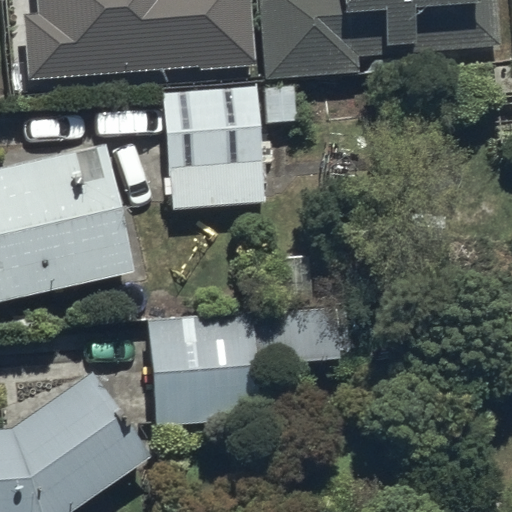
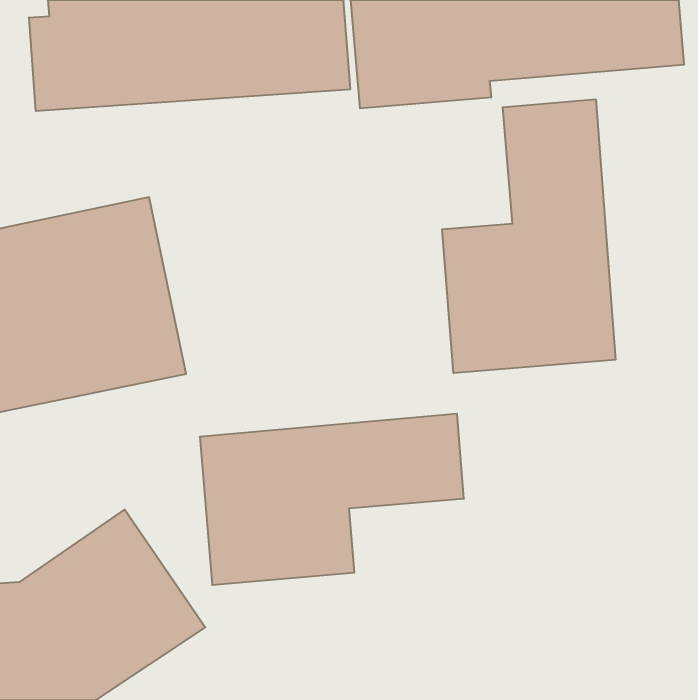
building: none -> [442,99,616,373]
building: [164,84,266,209] -> none

